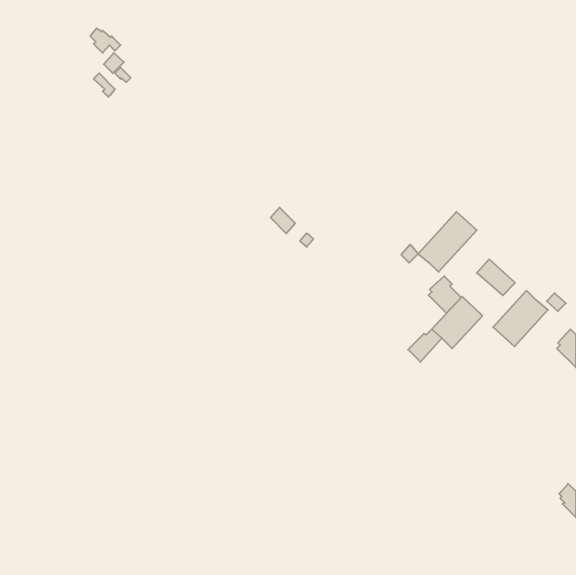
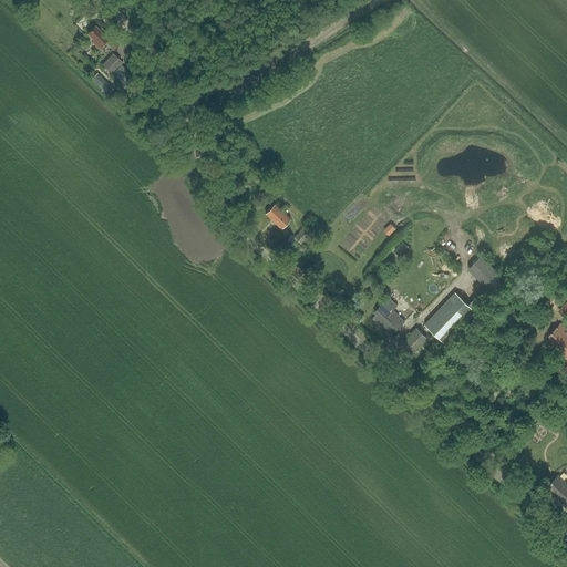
building: [418,212,477,272] -> none
building: [428,276,461,313] -> [373,298,405,334]
building: [493,291,548,347] -> none

